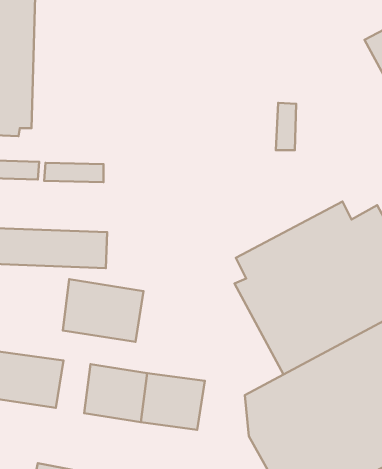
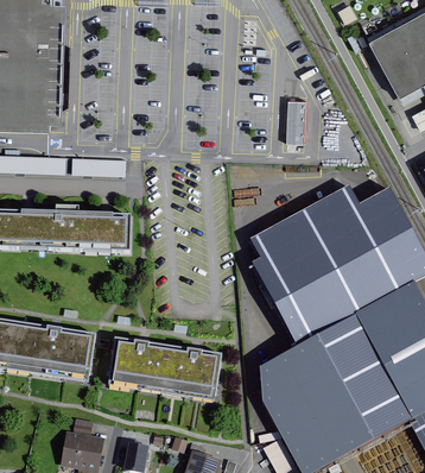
building: [63,279,144,342] -> none

